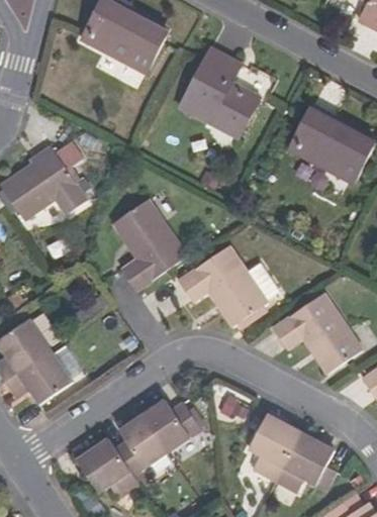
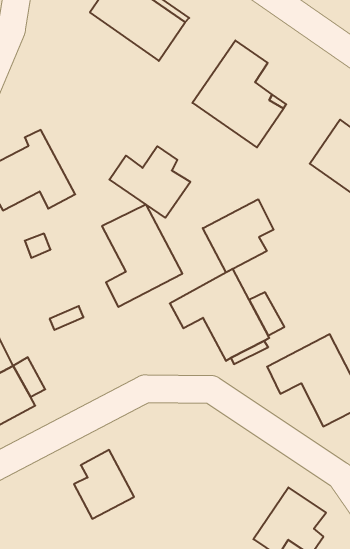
building: none -> [109,146,190,218]
building: none -> [203,199,274,272]
building: [140,400,200,453] -> none
building: [249,413,300,479] -> none
building: [77,438,138,497] -> none

